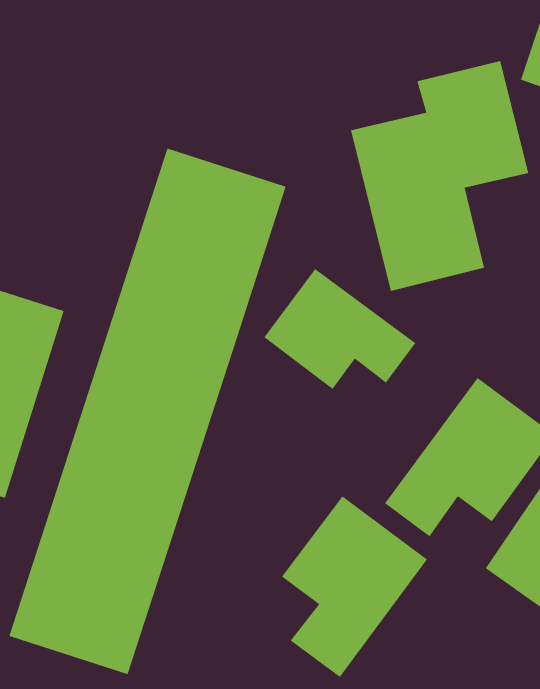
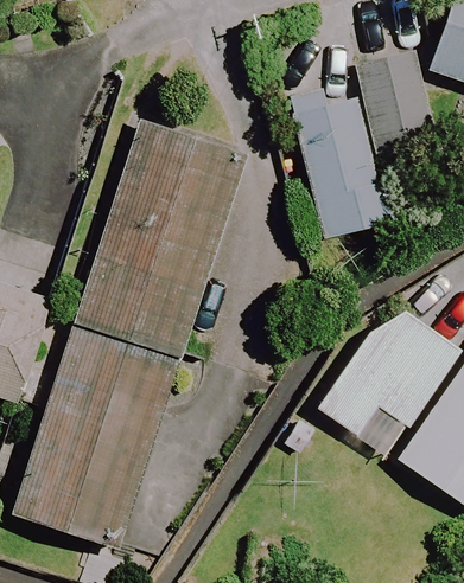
building: [263,268,416,390] -> none
building: [281,495,428,678] -> none

